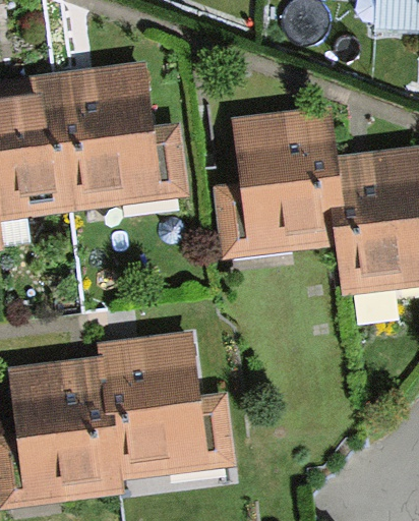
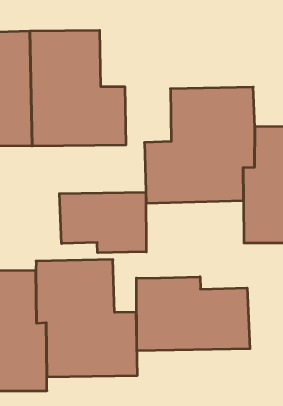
building: none -> [59,192,146,253]
building: none -> [136,277,250,351]

